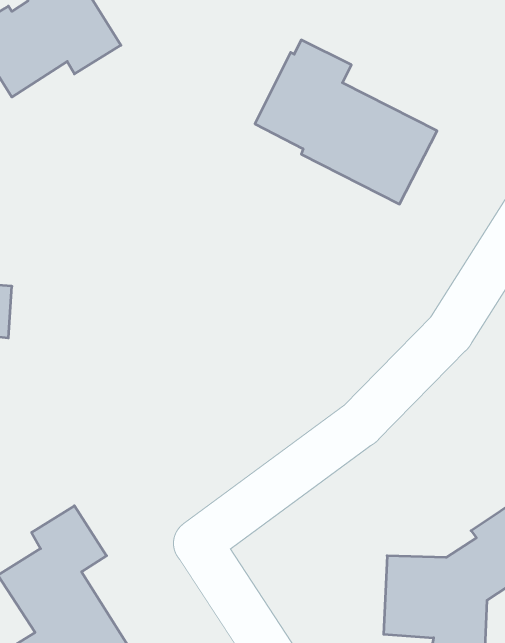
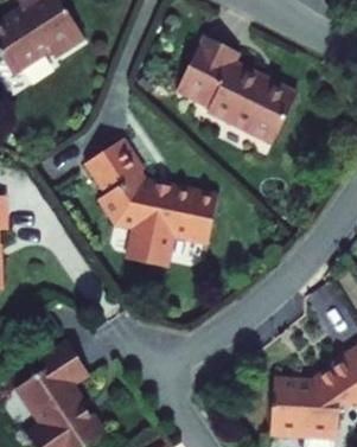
building: none -> [91,139,222,272]

